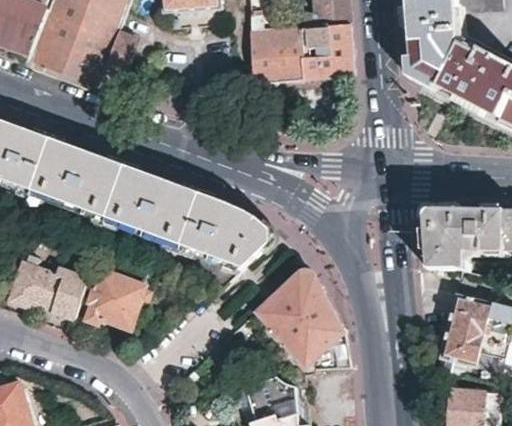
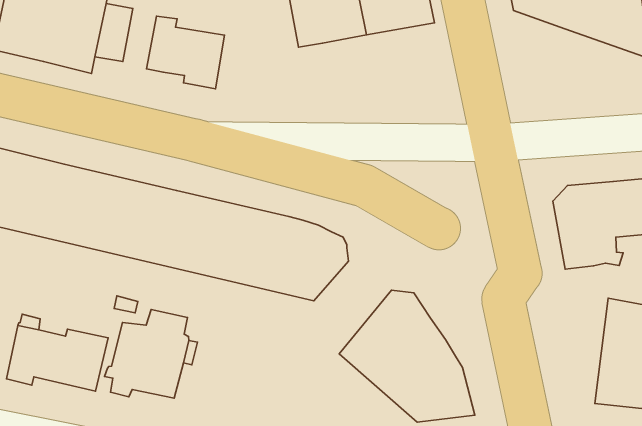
building: none -> [147,16,225,89]

